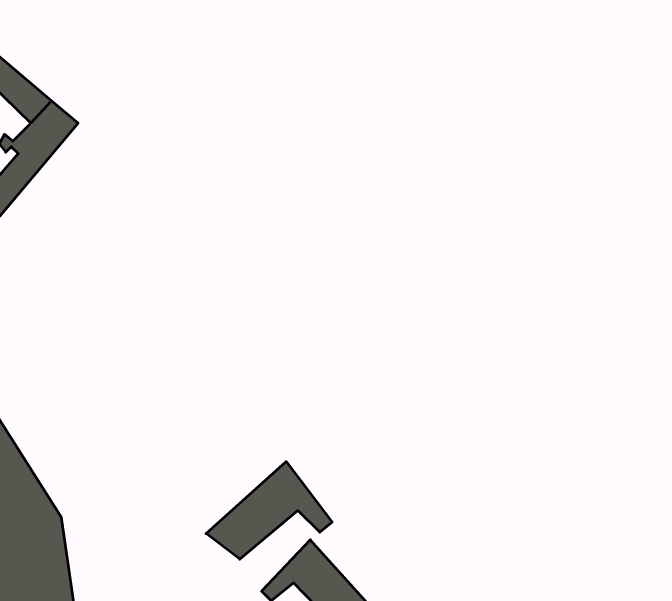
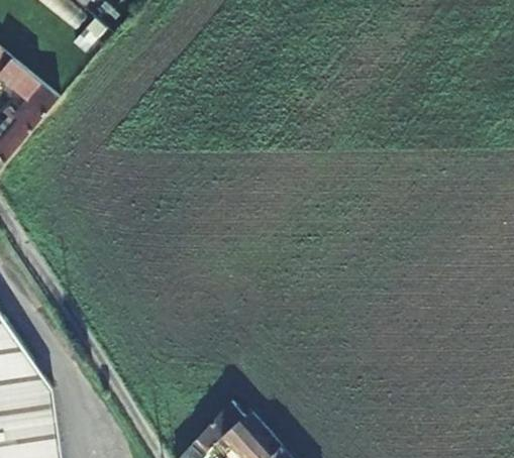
building: [206,462,332,559] -> none

